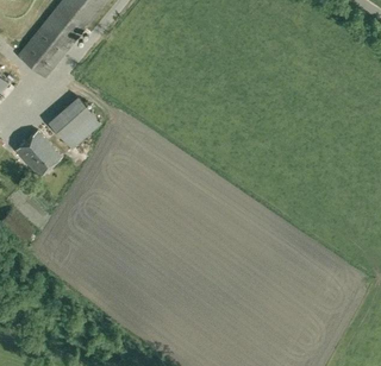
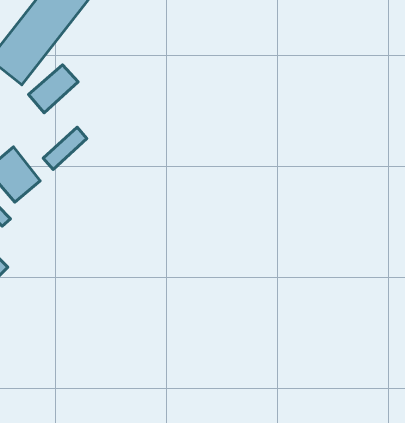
building: [50,97,92,138] -> [28,65,78,113]

